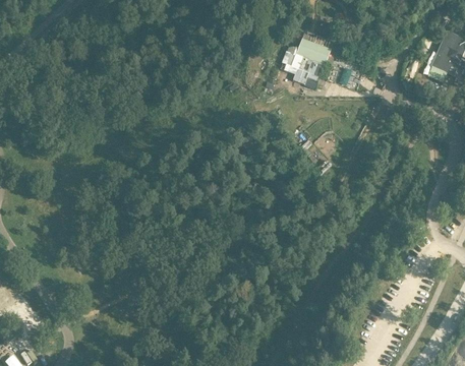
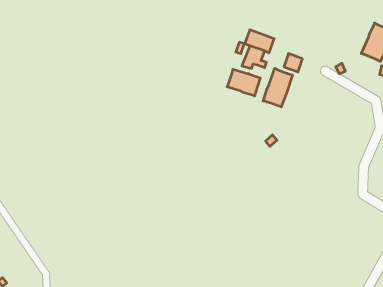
building: none -> [263,68,292,107]
building: none -> [227,69,260,96]

